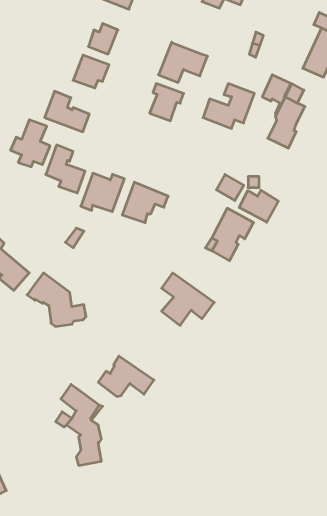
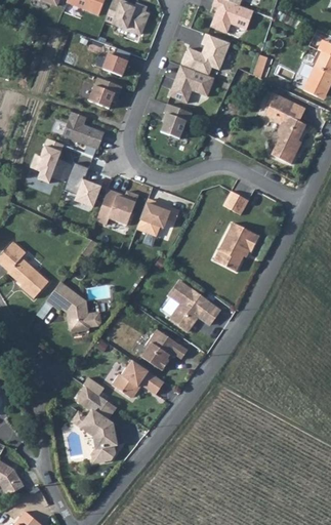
building: [203,84,254,128] -> [181,35,230,77]
building: [239,190,278,222] -> none
building: none -> [141,329,188,371]

